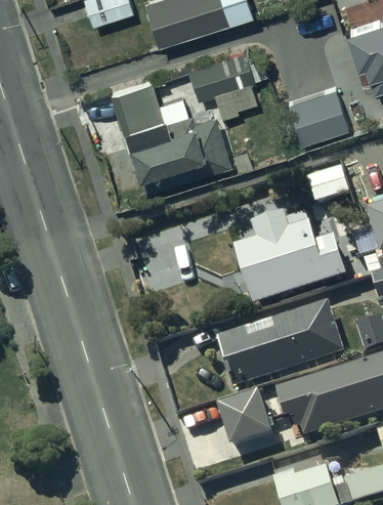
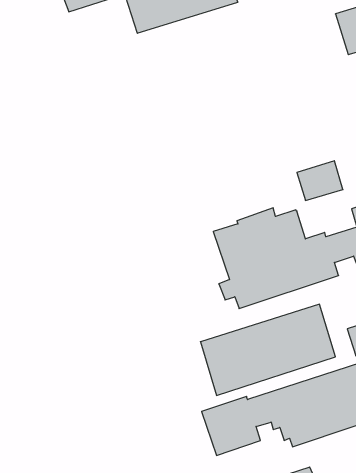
building: [186,45,266,114] -> none
building: [108,78,229,187] -> none
building: [289,83,350,138] -> none

